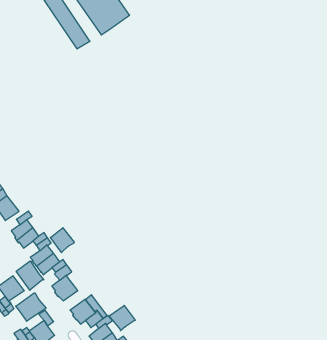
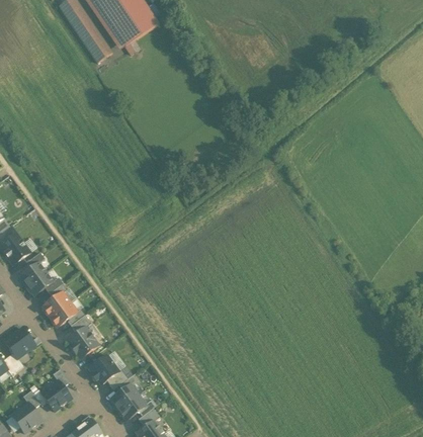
building: [50,228,74,253] -> none
building: [16,261,44,290] -> none
building: [16,293,46,321] -> none
building: [109,305,135,331] -> none

